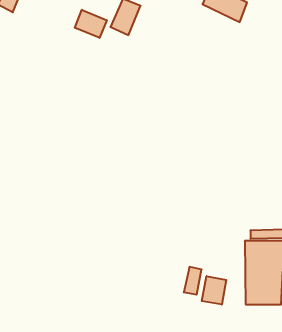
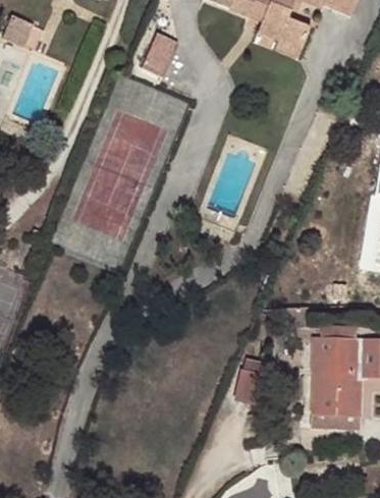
building: [75,10,107,38] -> none
building: [202,276,226,305] -> none

